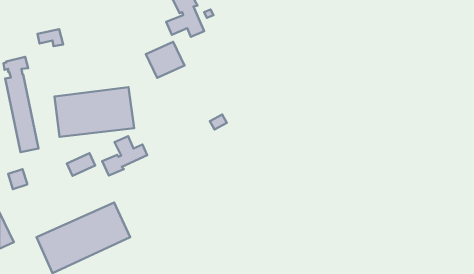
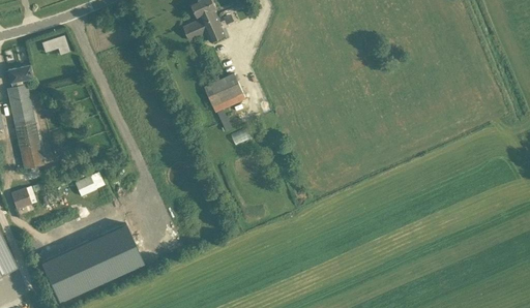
building: [146,42,185,78] -> [204,73,246,113]
building: [55,87,134,137] -> none
building: [102,136,147,176] -> none

